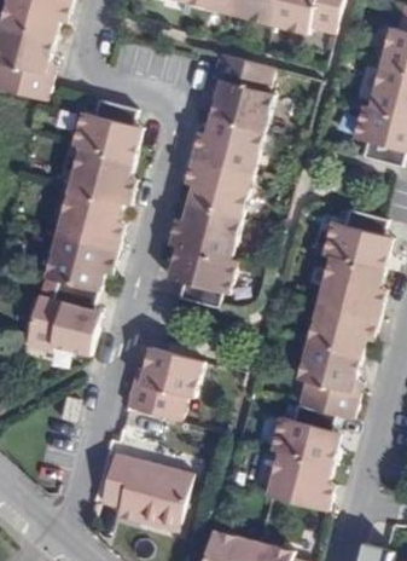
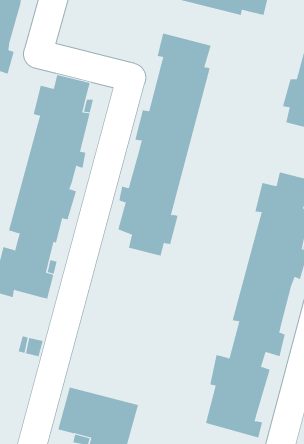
building: [126,347,203,420] -> none

